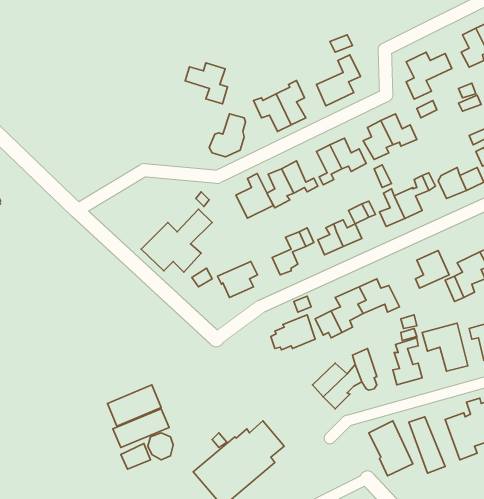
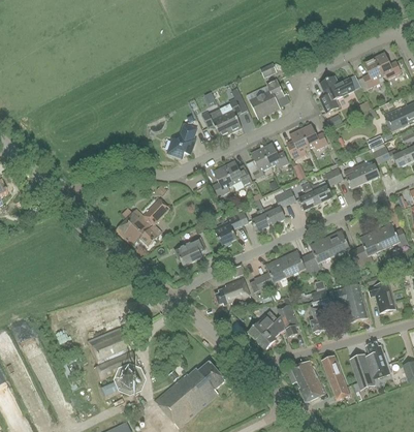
building: [185,63,228,104] -> none
building: [236,173,273,218] -> none
building: none -> [307,235,333,271]

